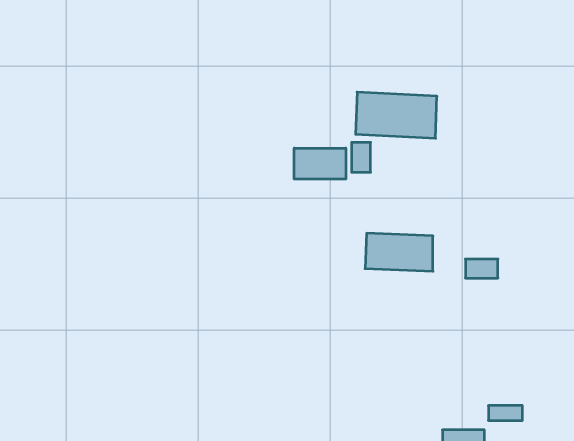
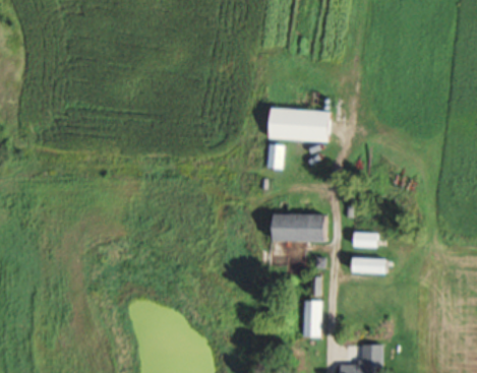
building: [294,148,346,179] -> none
building: none -> [353,258,389,273]
building: none -> [300,300,317,337]

